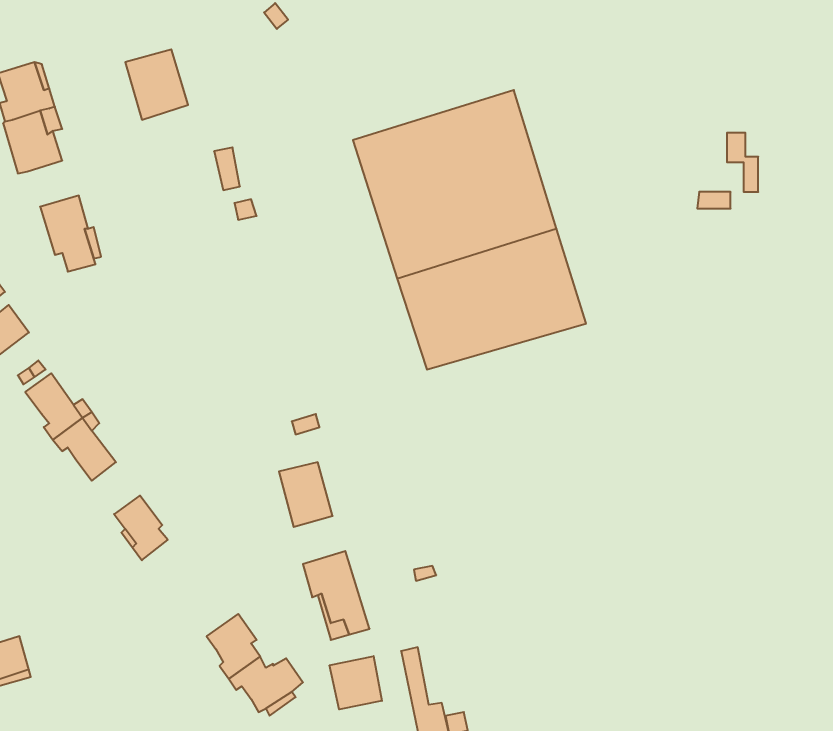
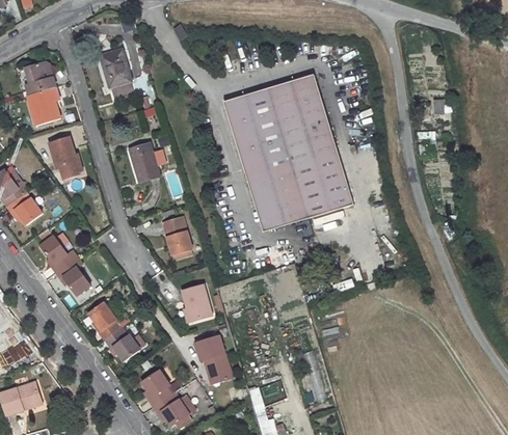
building: none -> [130,146,160,184]
building: none -> [162,216,192,255]
building: none -> [104,327,140,360]
building: [330,656,382,709] -> none

